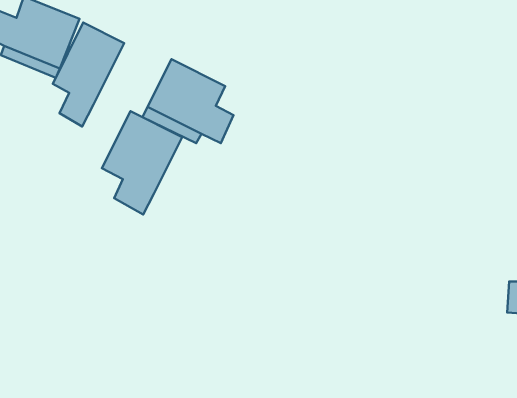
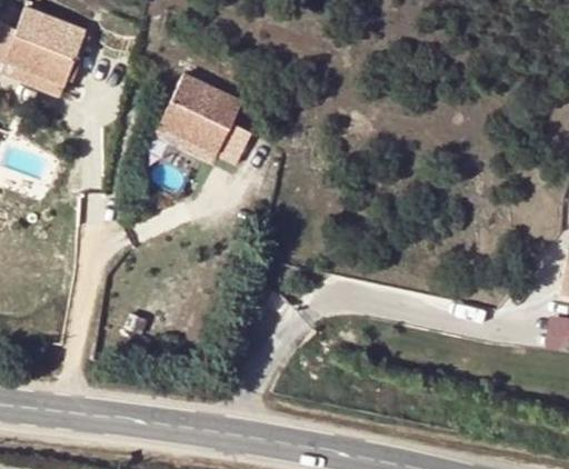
building: [53,23,124,126] -> none
building: [102,111,182,214] -> none

